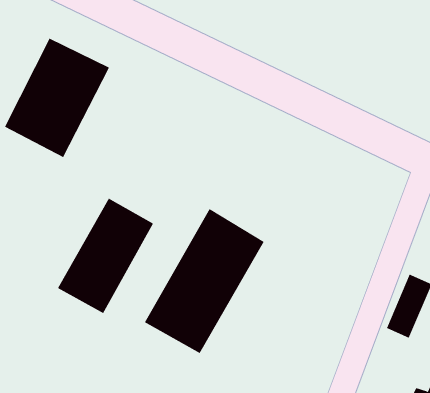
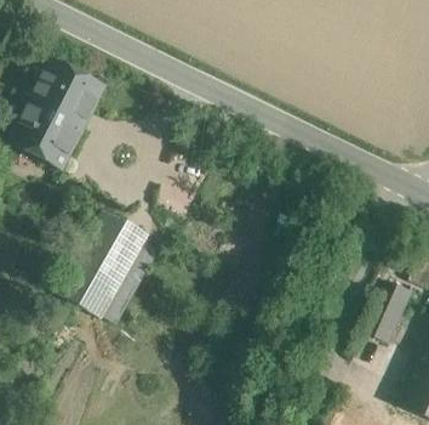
building: [144,208,265,354] -> none

